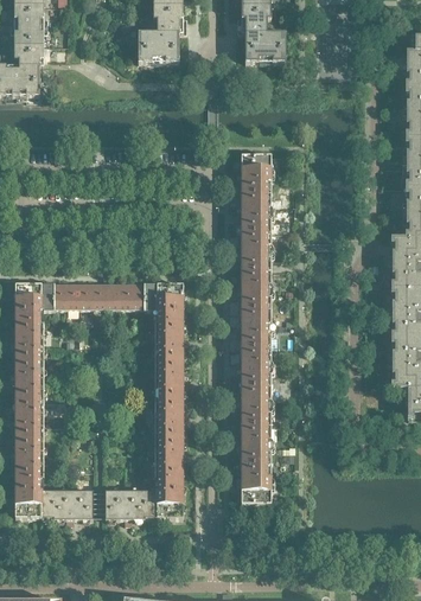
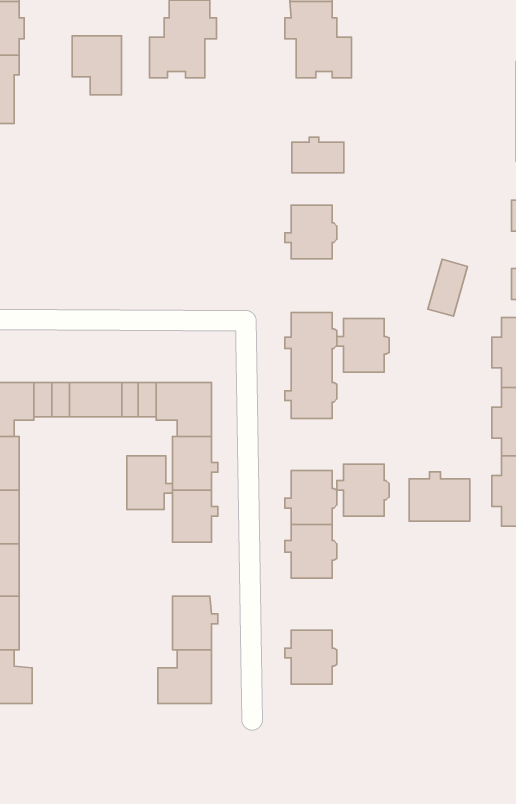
building: none -> [72,36,122,95]
building: none -> [292,137,344,173]
building: [236,192,274,231] -> [337,318,389,372]
building: none -> [428,259,468,316]
building: [236,308,274,346] -> [337,464,389,516]
building: none -> [409,472,470,521]
building: [154,398,187,437] -> [127,456,172,509]
building: [236,424,274,462] -> none
building: [52,490,93,523] -> none
building: [104,490,143,523] -> none

